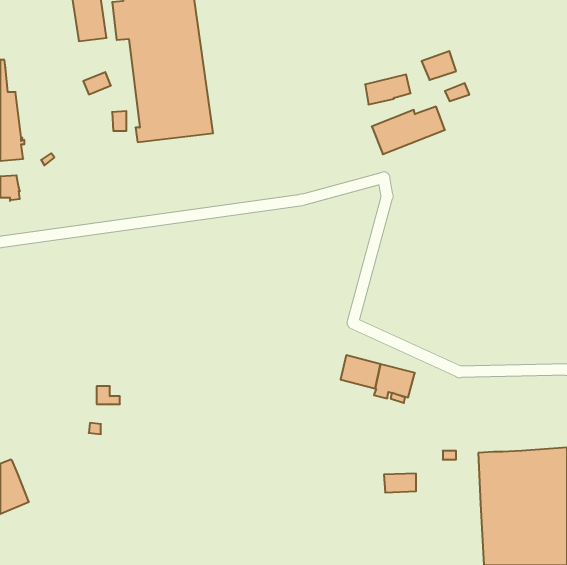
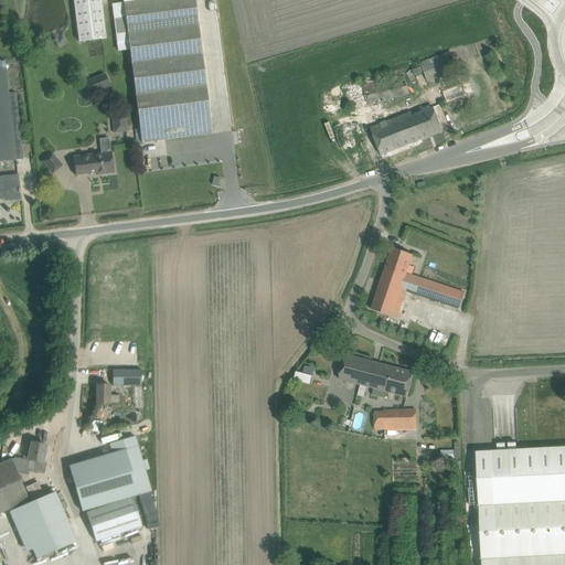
building: none -> [73,136,114,174]
building: none -> [371,246,463,317]
building: none -> [113,369,141,384]
building: none -> [70,435,151,541]
building: none -> [12,441,46,472]
building: [384,474,416,492] -> [384,408,416,427]
building: none -> [10,492,75,556]

